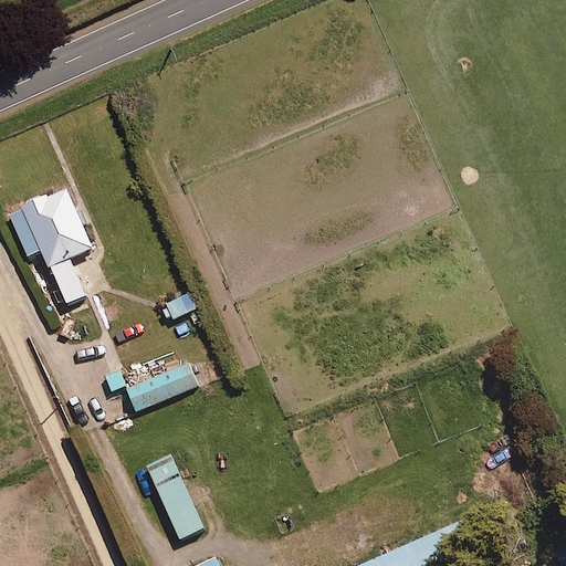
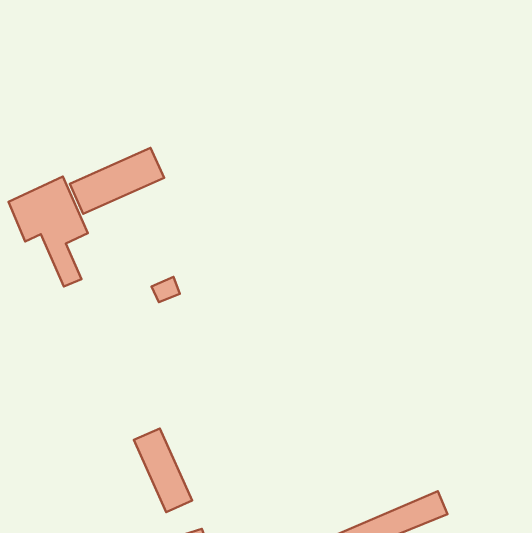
building: none -> [70,148,164,214]
building: [123,364,195,413] -> none

